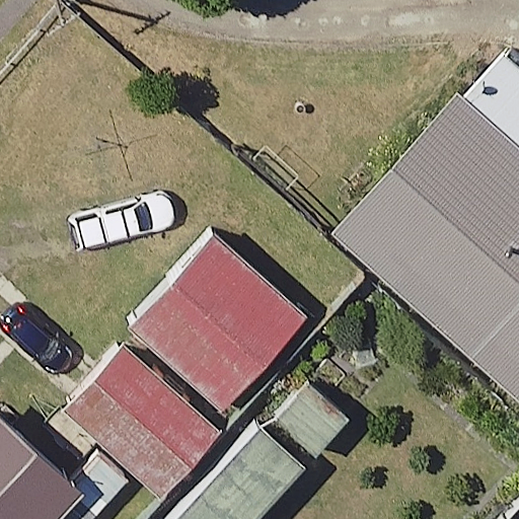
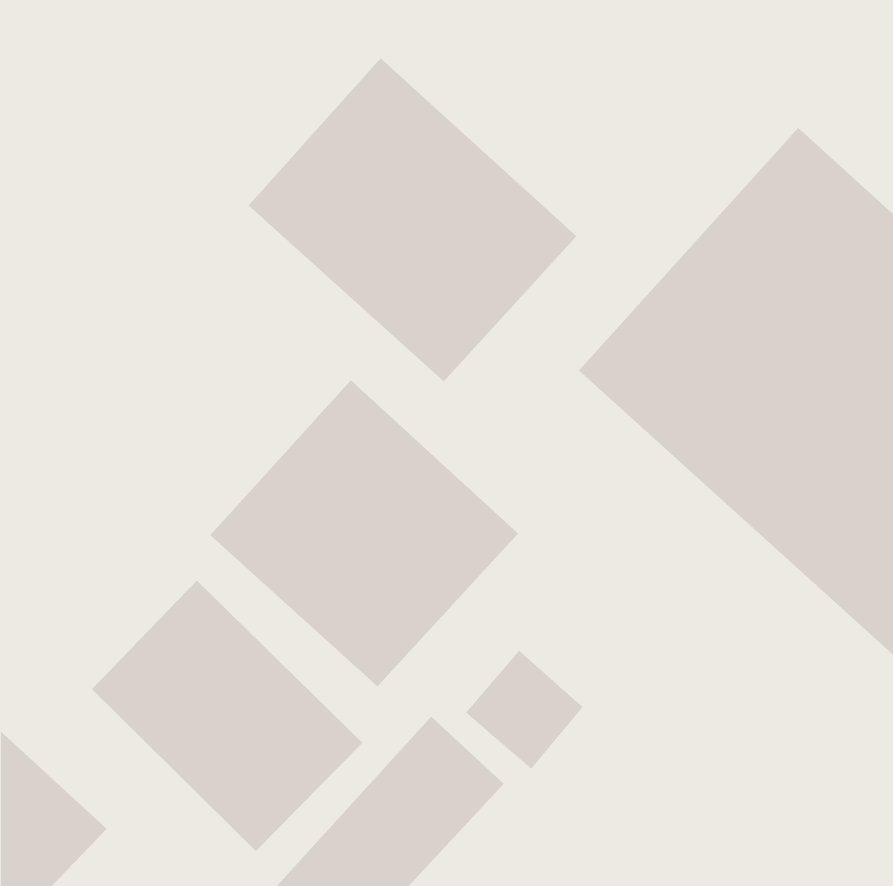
building: none -> [248,58,577,382]

